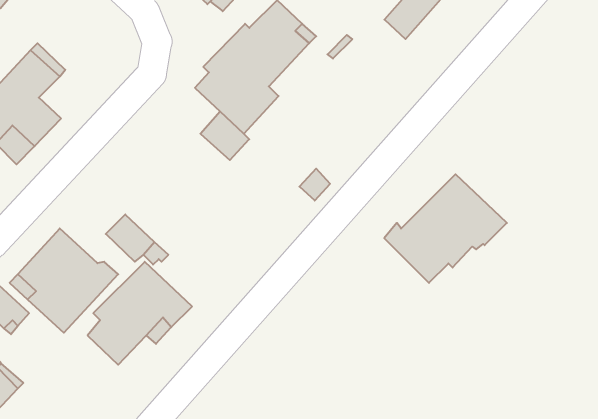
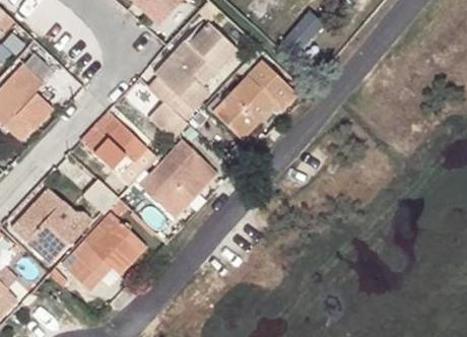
building: none -> [84,115,147,176]
building: [384,174,507,283] -> [207,59,296,138]
building: none -> [139,153,218,217]

